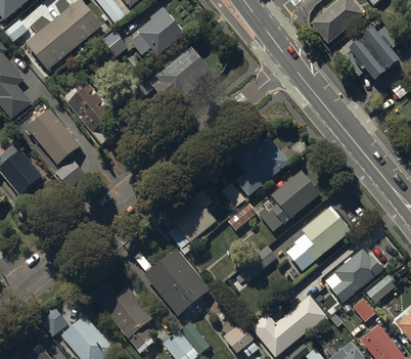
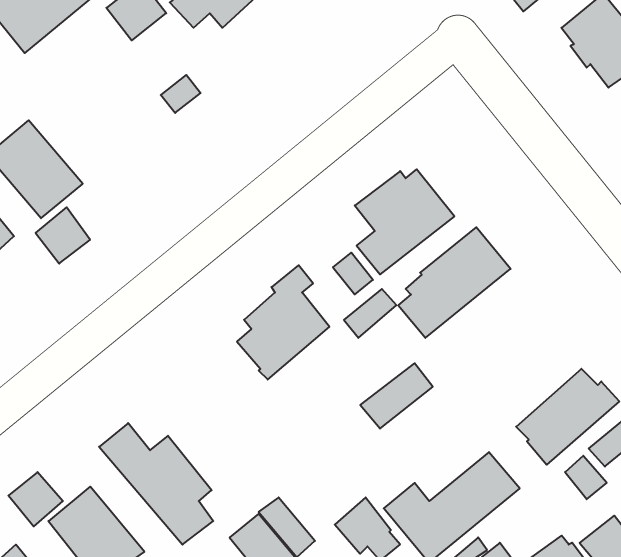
building: [150,46,209,103] -> none
building: [62,82,112,142] -> none
building: [286,205,351,269] -> none
building: [143,245,209,312] -> none

